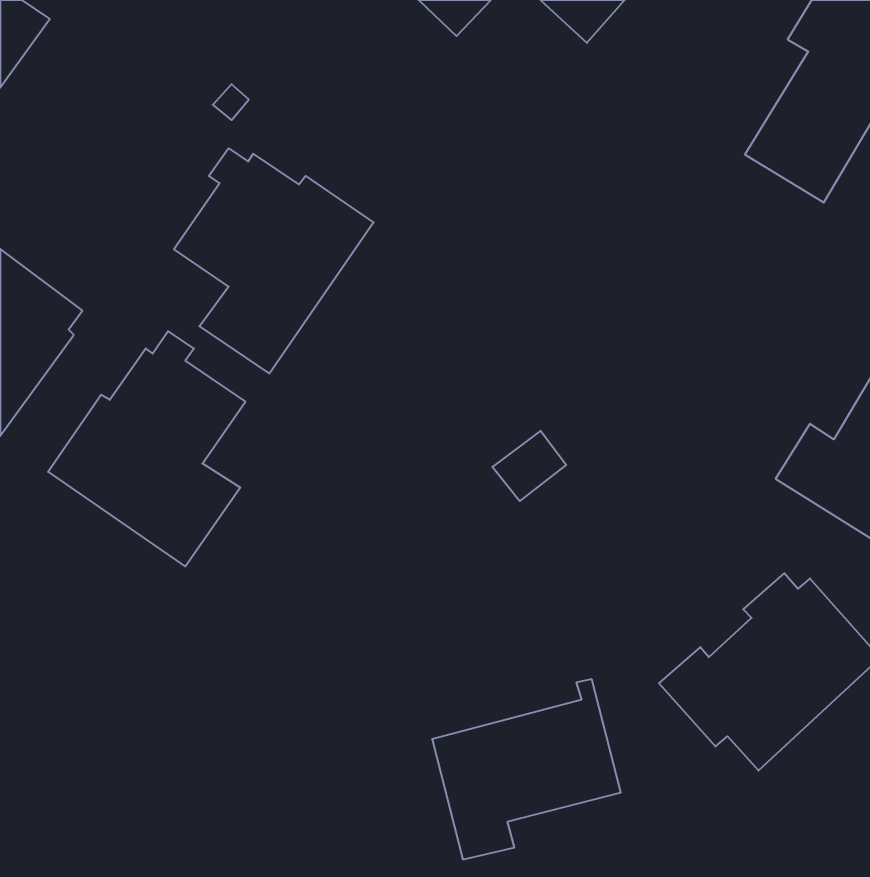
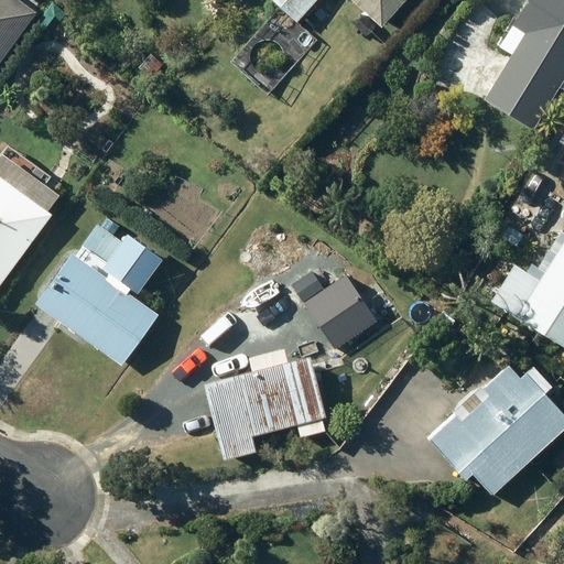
building: [174,148,374,374] -> none
building: [432,679,621,859] -> [203,345,324,460]

